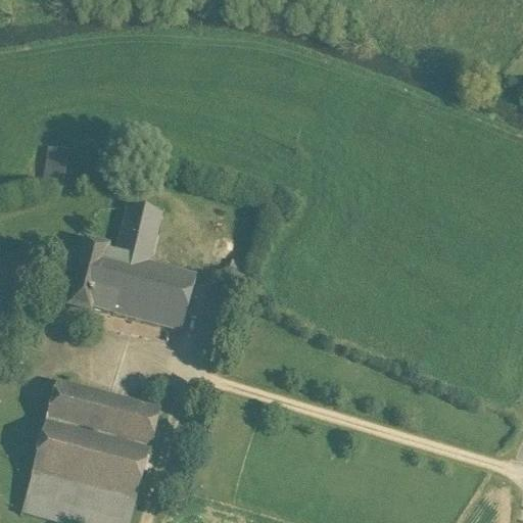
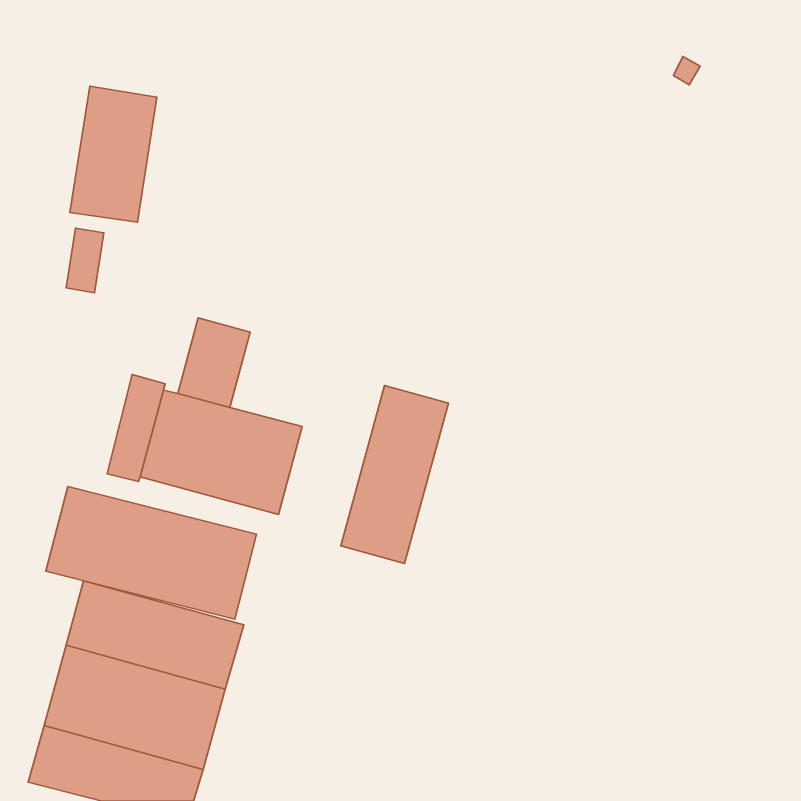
building: none -> [70,86,157,222]
building: none -> [341,385,448,564]
building: none -> [46,486,257,619]

